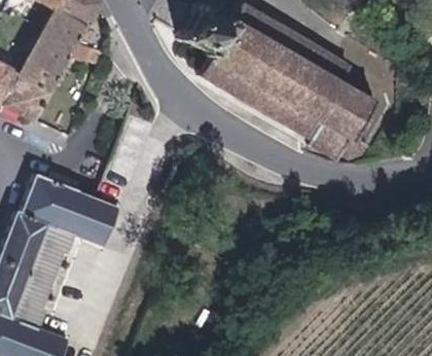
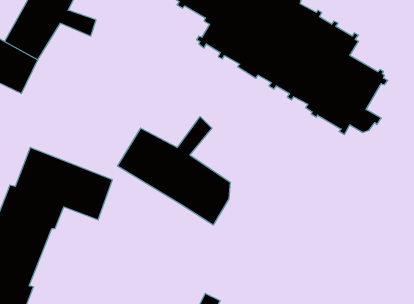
building: none -> [117,117,230,225]

